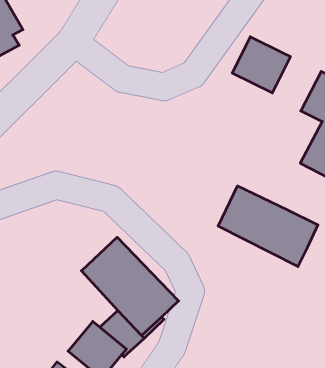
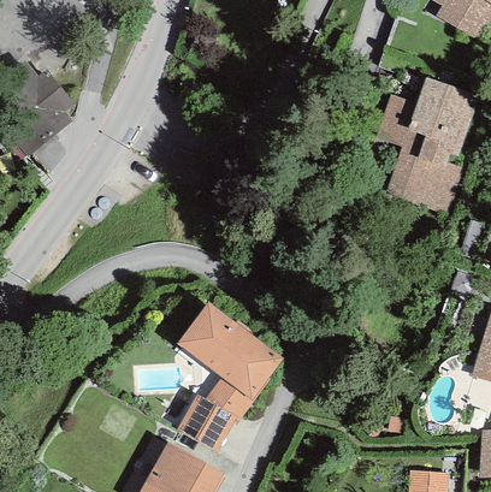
building: [232,37,290,93] -> none
building: [218,186,318,267] -> none

